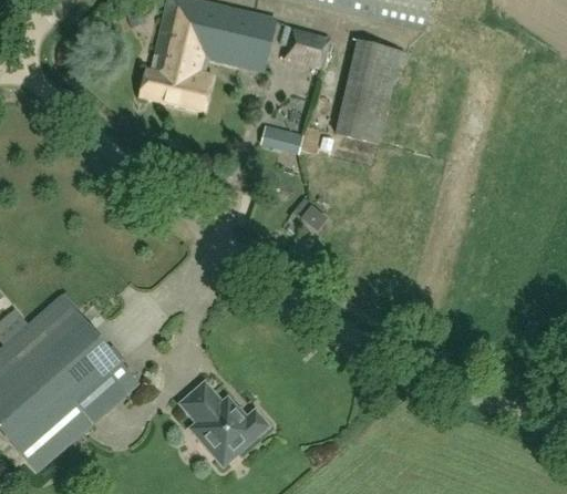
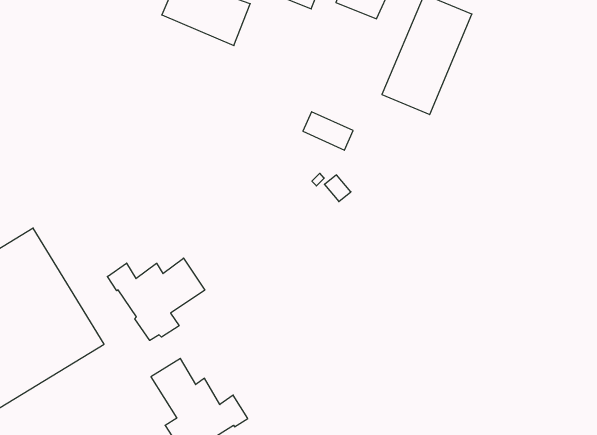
building: [259,126,301,154] -> [303,112,353,150]
building: none -> [107,258,205,340]

